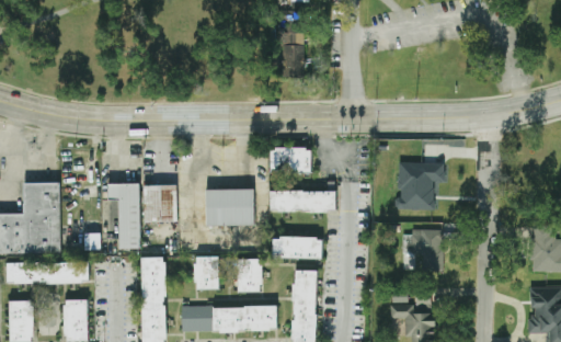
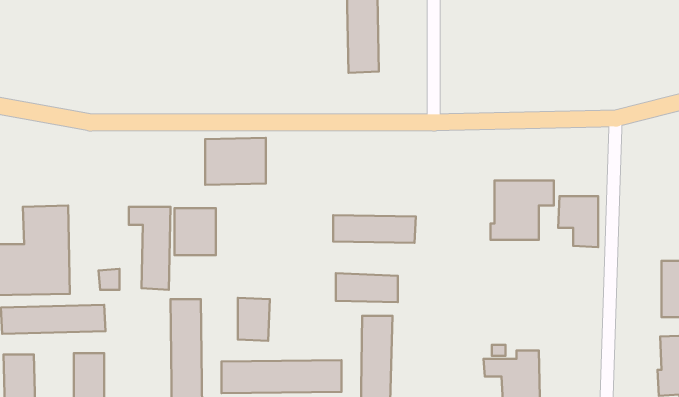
building: [268,147,310,172] -> none
building: [205,189,253,226] -> [205,138,266,185]
building: [411,229,443,270] -> [558,196,598,247]
building: [238,259,261,292] -> none

